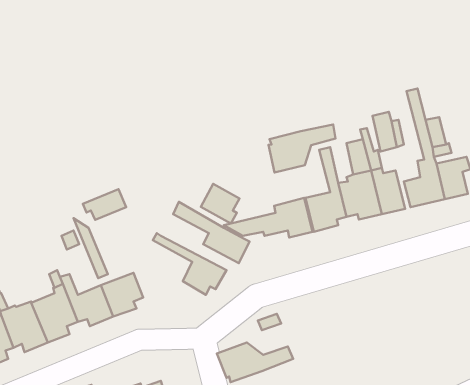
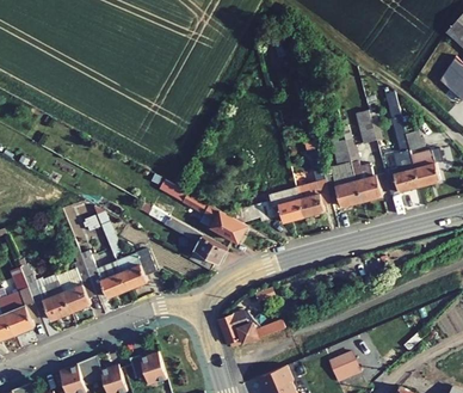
building: [269,124,335,172] -> none
building: [201,184,239,223] -> none
building: [83,189,126,220] -> none

